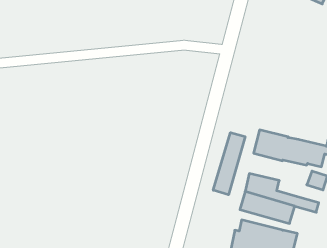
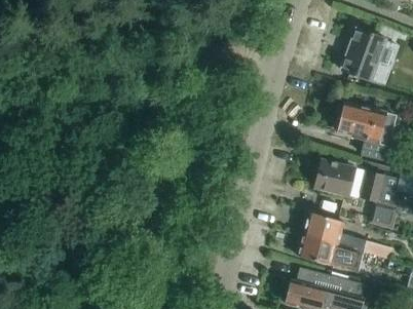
building: none -> [340,26,385,80]
building: none -> [338,103,396,159]
building: [213,133,245,195] -> none

